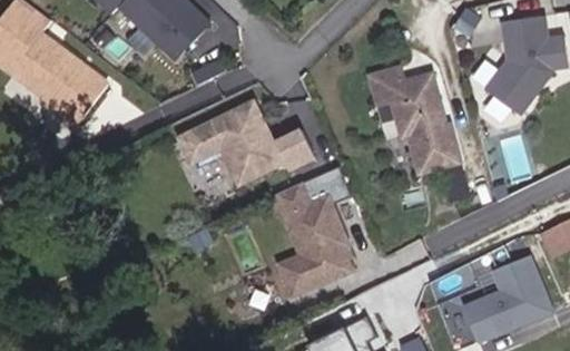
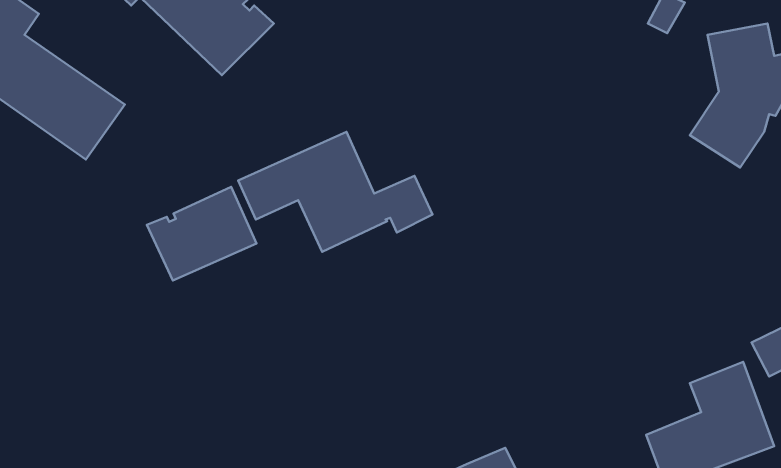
building: [374,65,466,173] -> none
building: none -> [147,187,256,281]
building: [272,166,348,296] -> none

